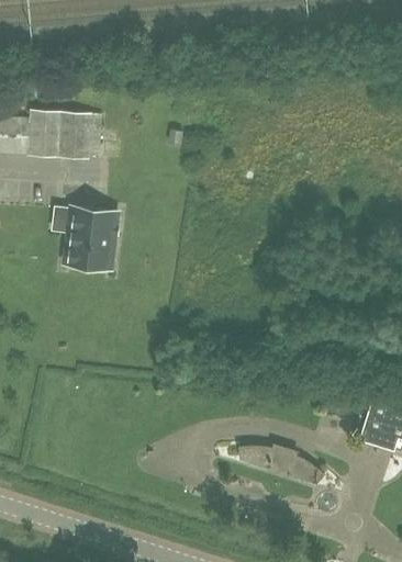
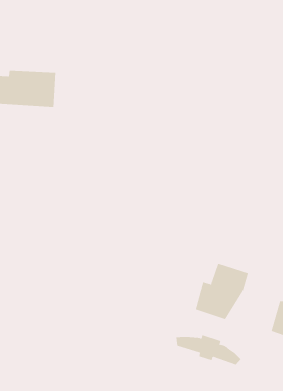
building: [65,209,118,271] -> none
building: none -> [195,263,249,320]

